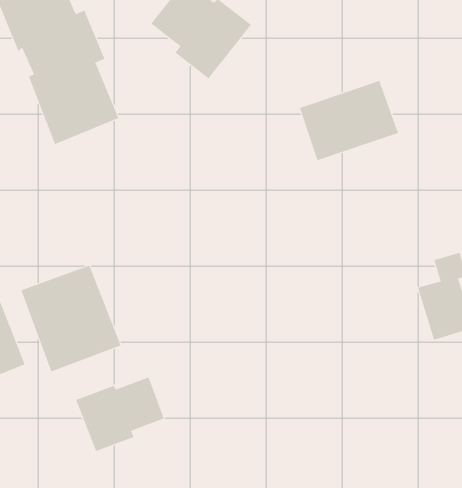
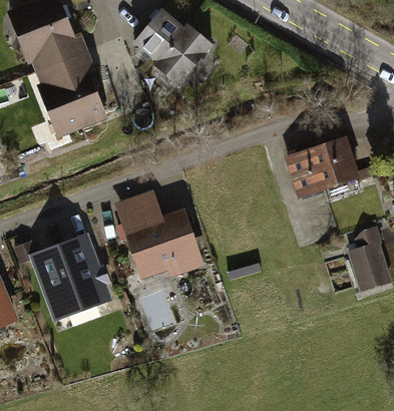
building: [299,80,399,161] -> [283,134,362,198]
building: none -> [114,188,205,280]
building: [76,377,164,452] -> none

